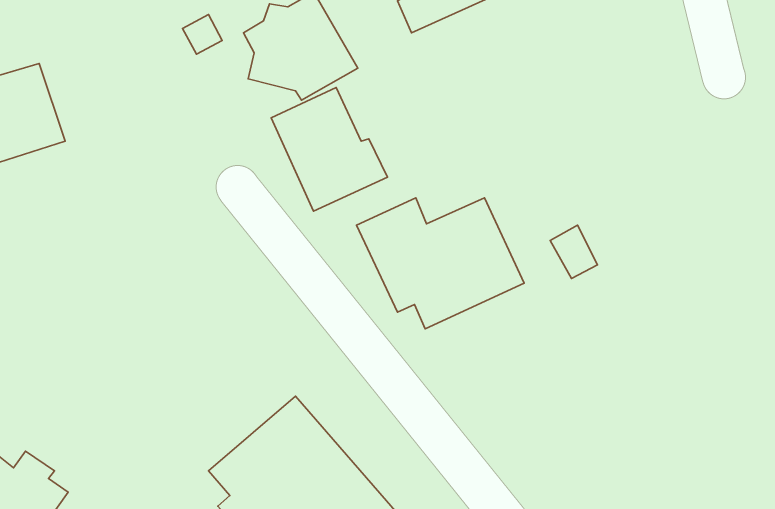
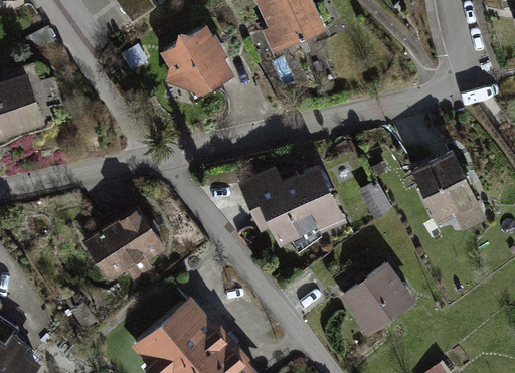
building: [271,87,387,211] -> none
building: none -> [409,148,488,231]
building: none -> [85,201,169,277]
building: none -> [335,260,413,335]

